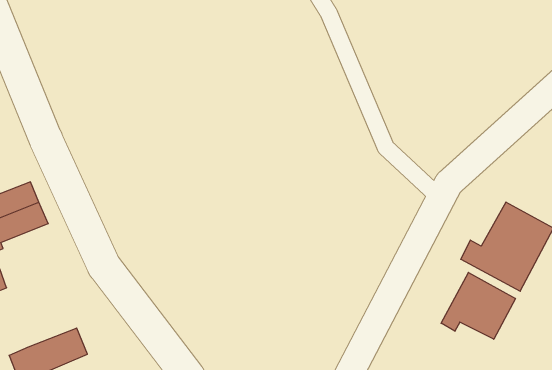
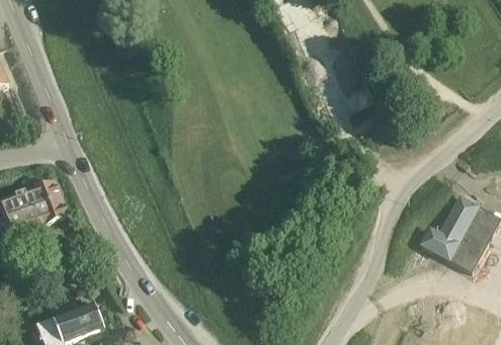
building: [441,272,515,339] -> none

